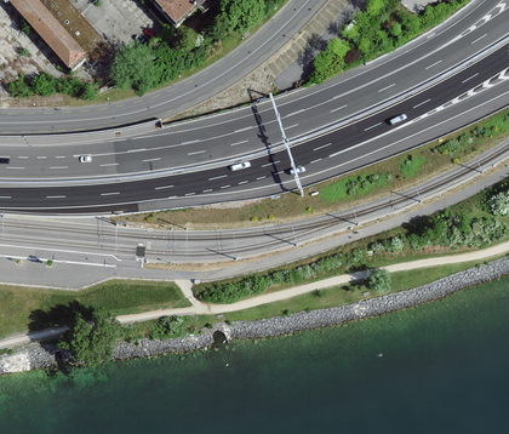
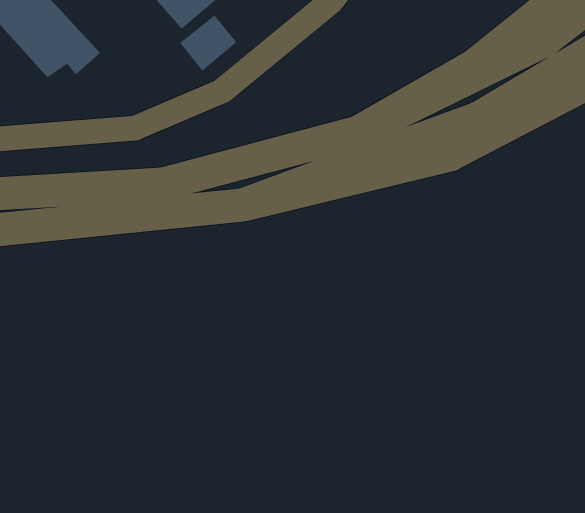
building: none -> [179,14,237,72]

